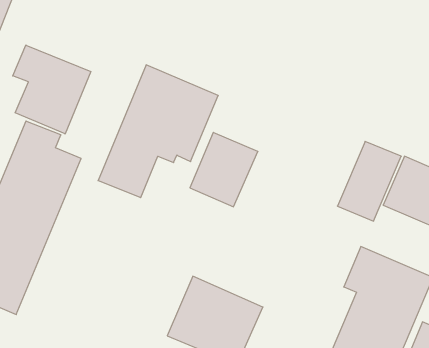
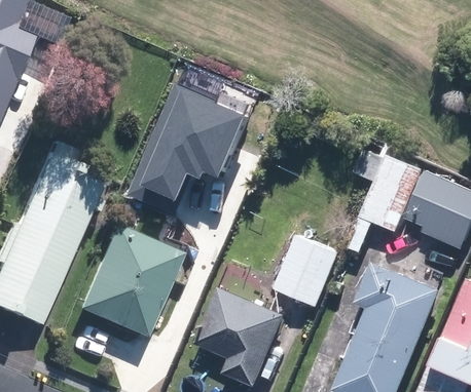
building: [13,45,91,134] -> none
building: [190,132,258,207] -> [273,234,338,306]
building: none -> [81,221,184,336]

